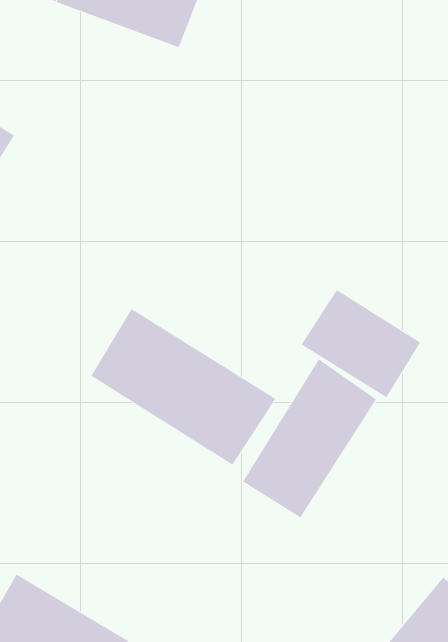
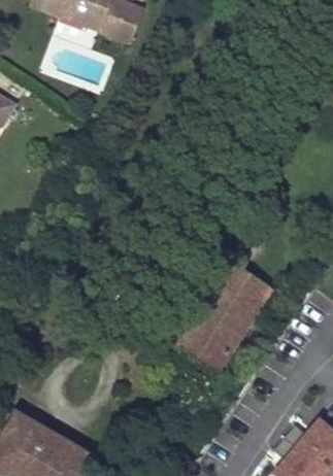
building: [301,289,421,398] -> none
building: [90,308,276,465] -> none

